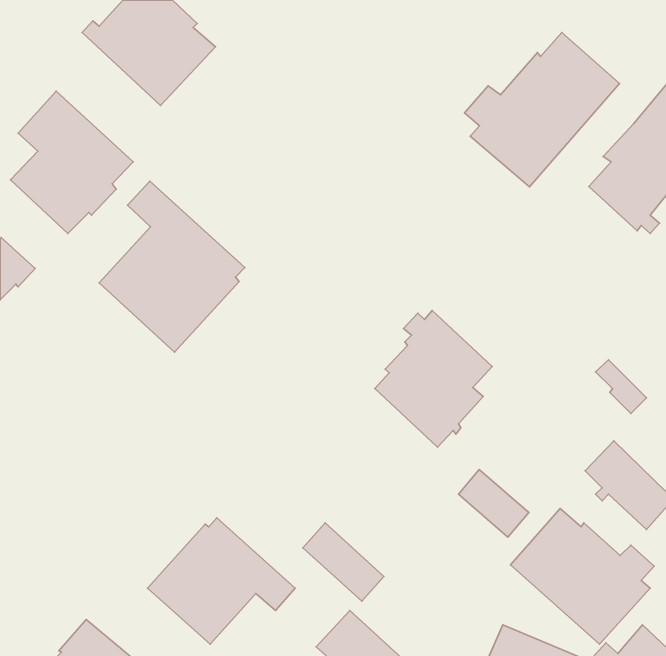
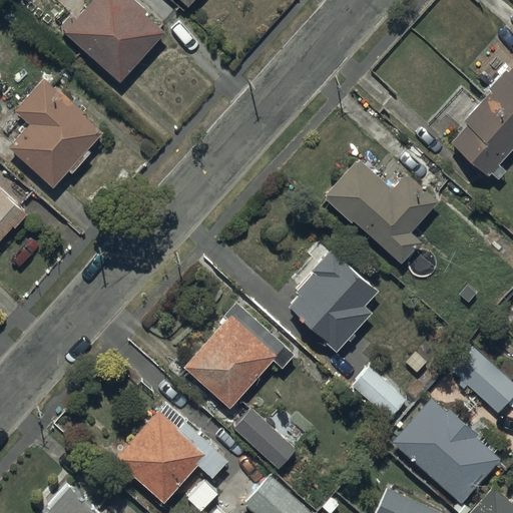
building: [464,33,619,187] -> none
building: [99,181,245,352] -> none
building: none -> [325,160,437,264]
building: none -> [183,302,294,409]

